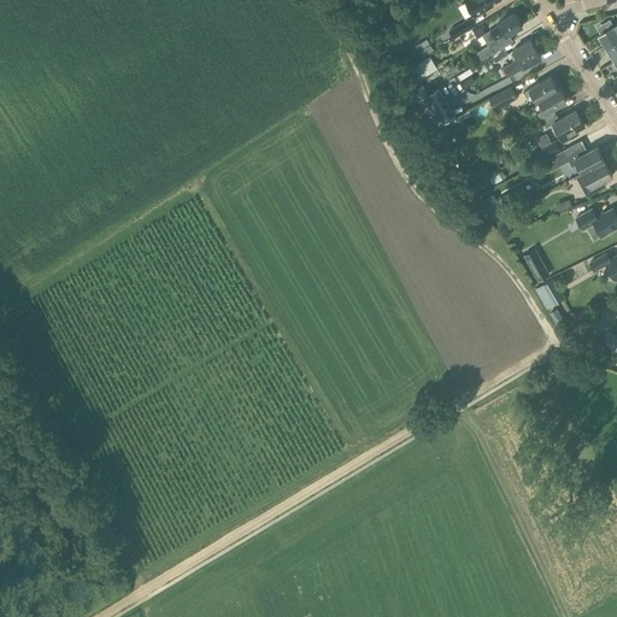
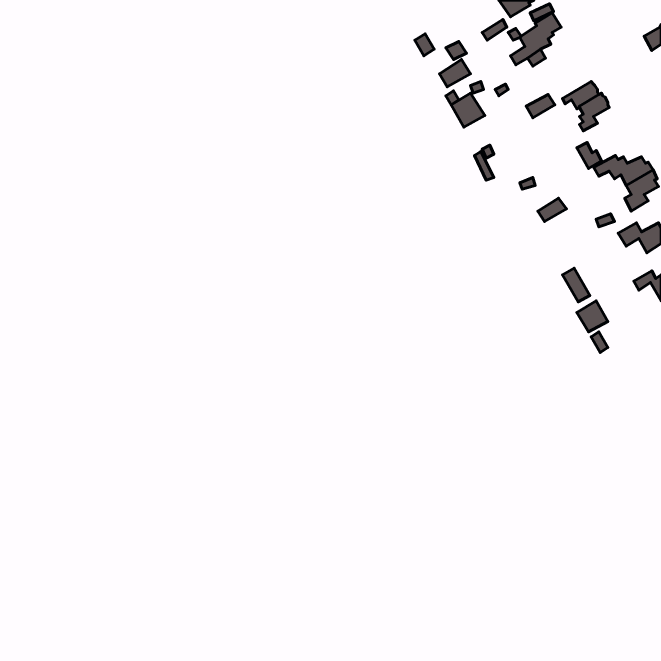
building: [500,40,541,77] -> none
building: [552,111,584,142] -> none

